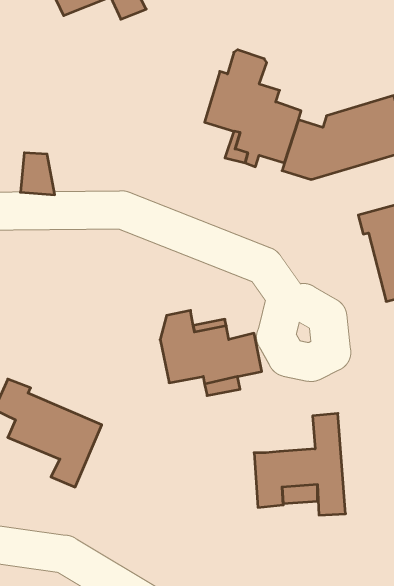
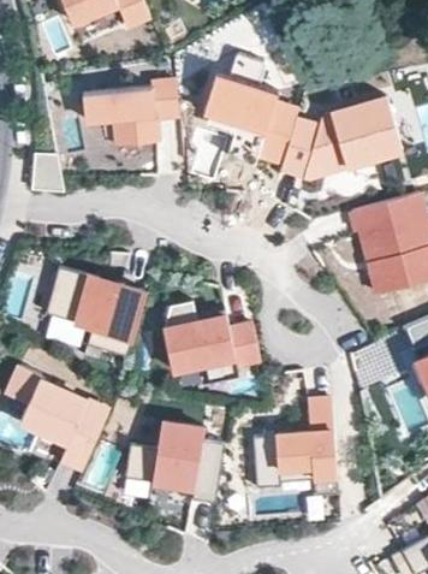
building: none -> [82,79,179,146]
building: none -> [44,266,145,356]
building: none -> [125,421,225,503]

